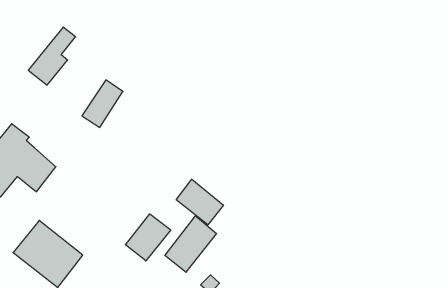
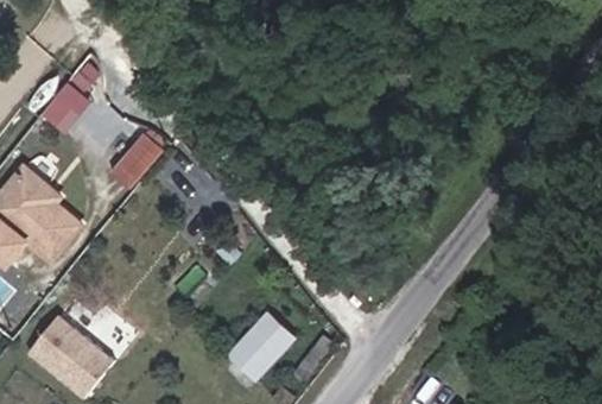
building: [176,179,223,225] -> none
building: [125,214,171,261] -> none

